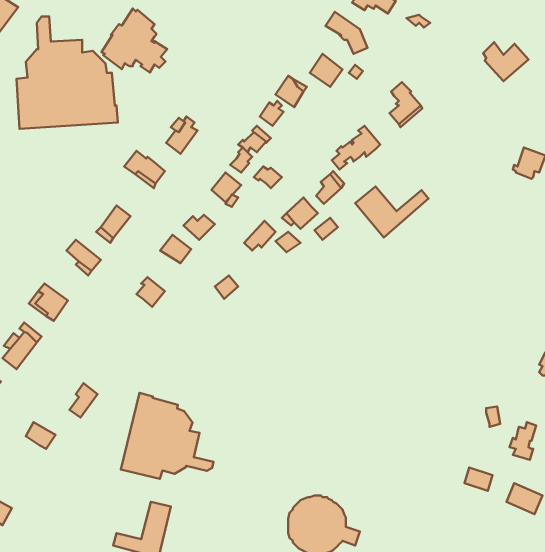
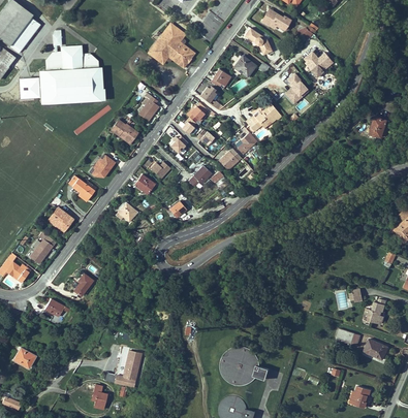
building: [102,8,167,72] -> [150,24,193,66]
building: [483,42,528,81] -> [303,52,333,77]
building: [355,186,429,238] -> none
building: [121,393,213,479] -> none

